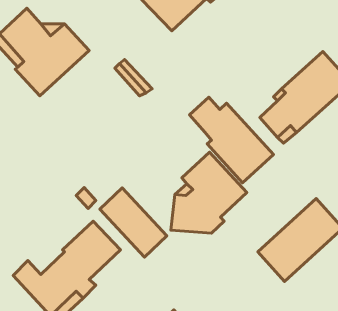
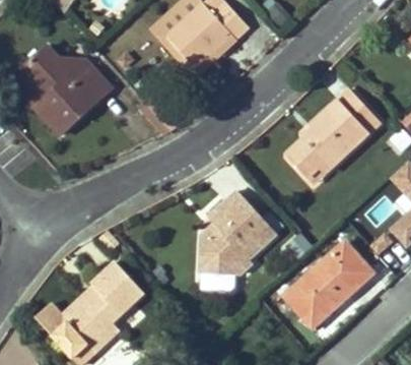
building: [190,97,274,183] -> none
building: [100,188,167,257] -> none

